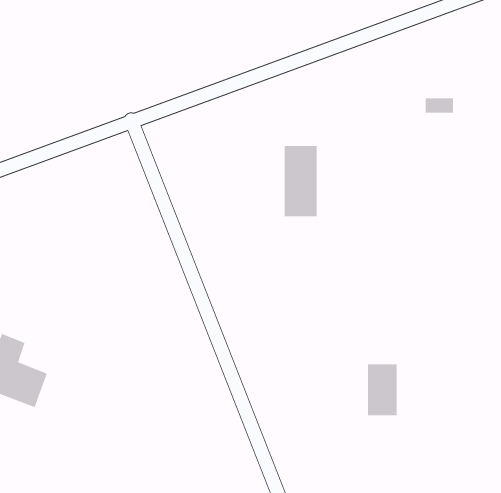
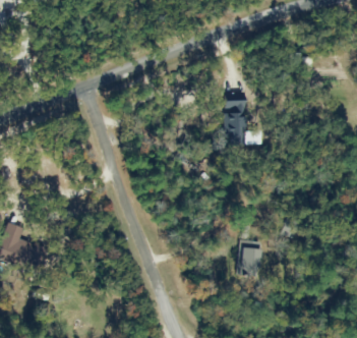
building: [284,145,317,217] -> [226,99,247,145]

